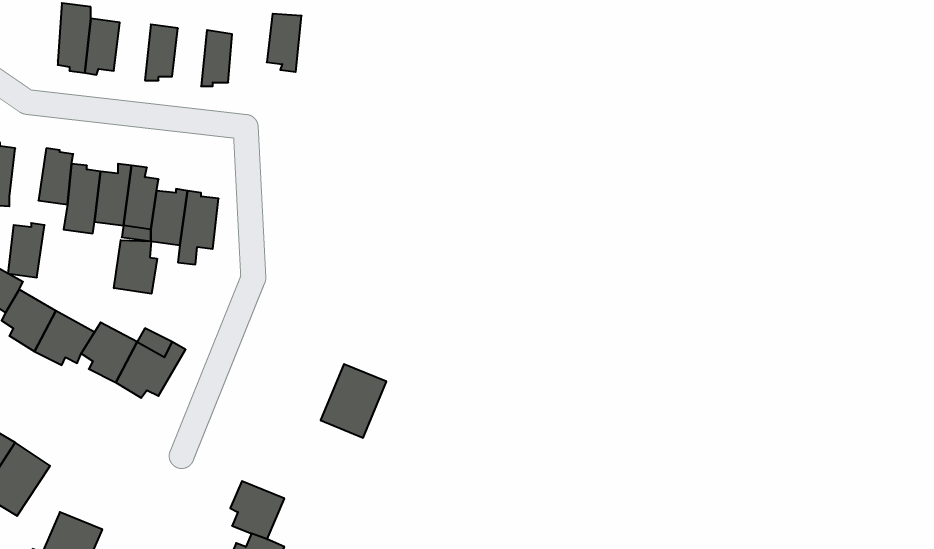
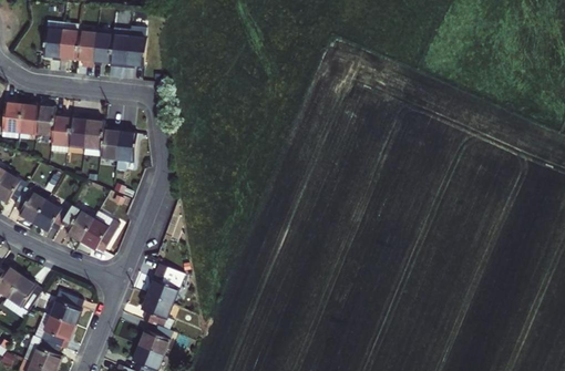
building: [267,14,302,72] -> [112,35,132,69]
building: none -> [79,32,100,69]
building: [8,223,45,277] -> [19,103,40,134]
building: [114,240,157,294] -> none
building: [321,364,386,438] -> [152,262,189,305]
building: none -> [48,289,79,322]

